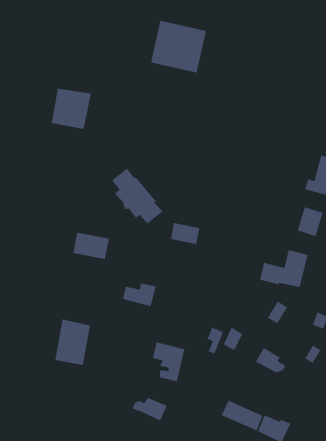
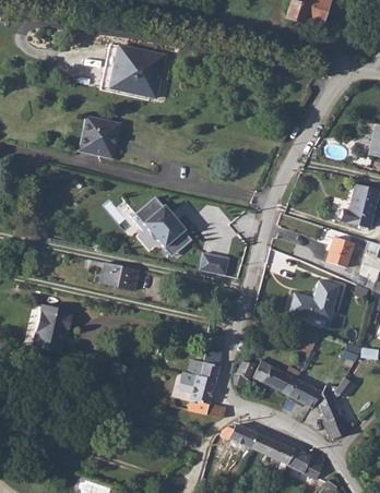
building: [150,20,207,73] -> [109,44,167,98]
building: [122,282,156,307] -> [185,357,219,382]
building: [54,319,91,366] -> [34,304,71,352]
building: none -> [264,366,297,395]
building: none -> [314,393,346,442]
building: [131,397,168,422] -> [221,424,258,449]

